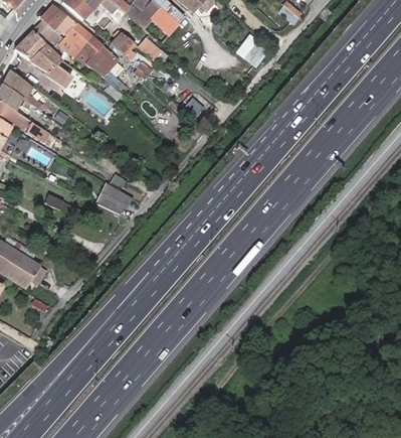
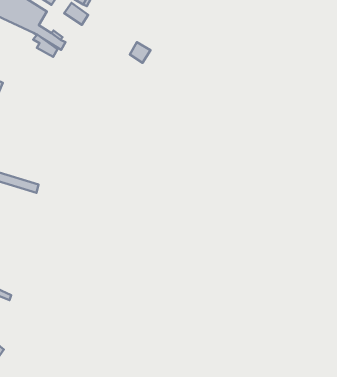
building: [96,184,130,214] -> none

